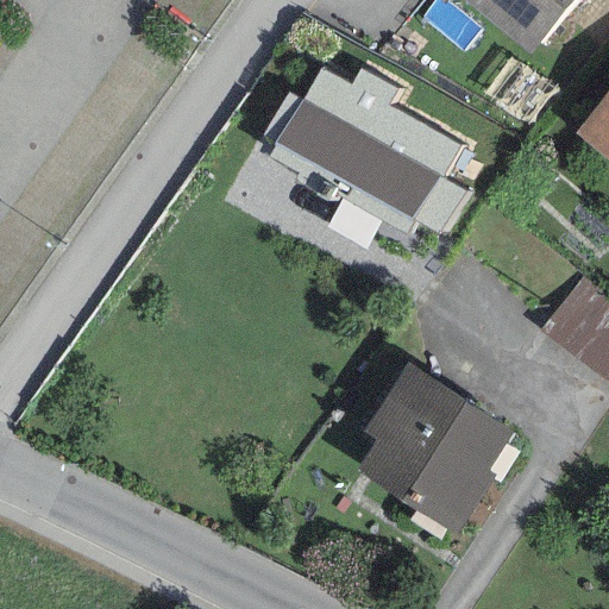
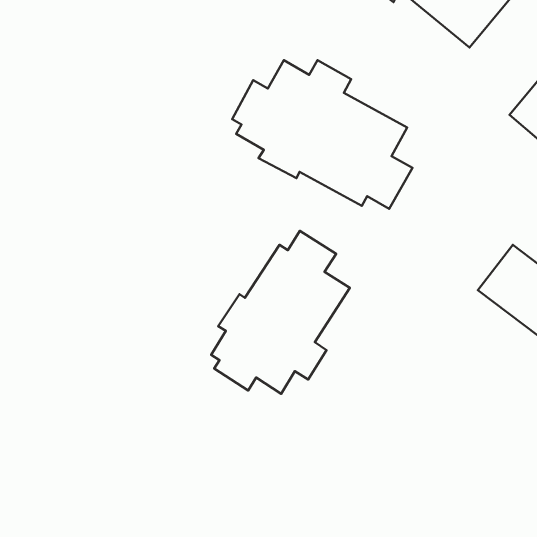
building: none -> [211,231,350,394]
building: [357,360,514,534] -> none

